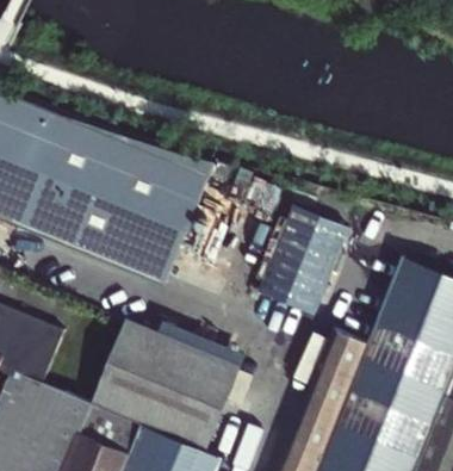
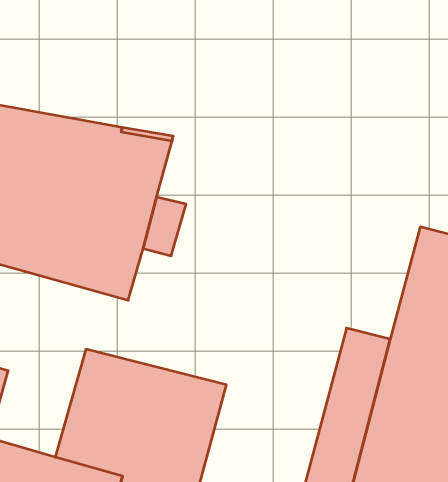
building: [260,216,348,321] -> none

